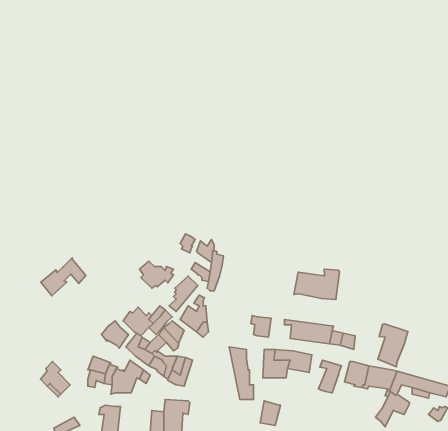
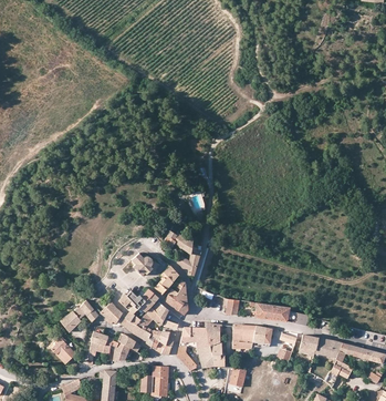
building: [41,258,86,296] -> [61,300,97,331]
building: [294,269,340,300] -> none
building: [378,324,408,367] -> none
building: none -> [177,327,213,370]

